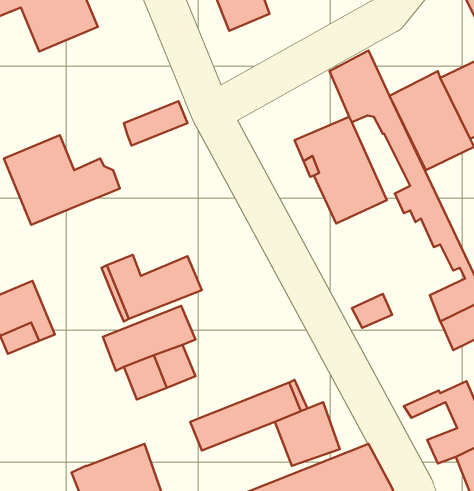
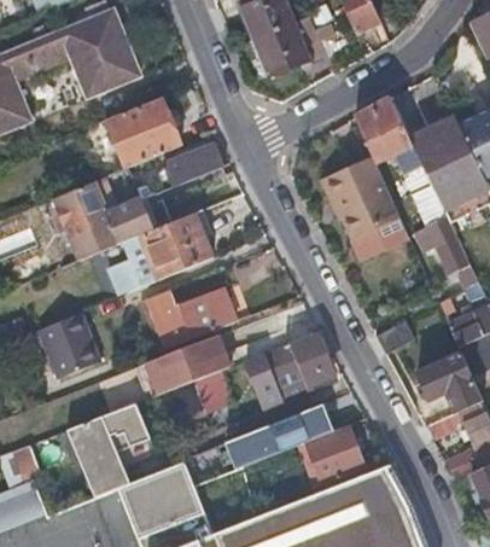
building: none -> [105,95,181,168]
building: none -> [123,211,211,289]
building: none -> [244,331,334,406]
building: none -> [416,353,482,412]
building: none -> [66,402,150,496]

